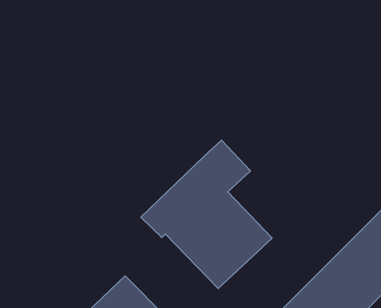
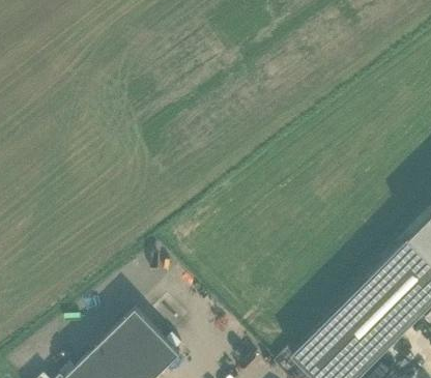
building: [141,140,272,289] -> none

